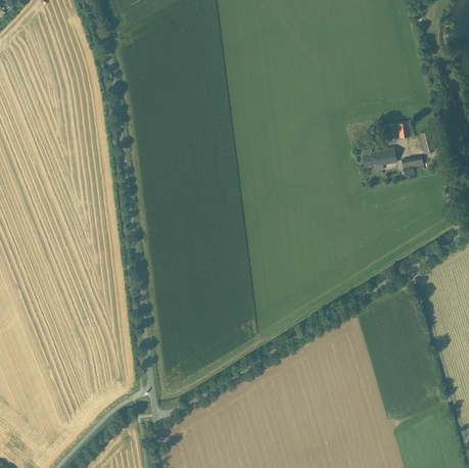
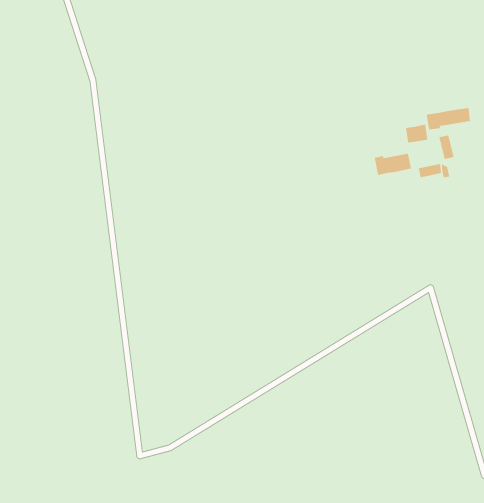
building: none -> [426,107,471,130]

